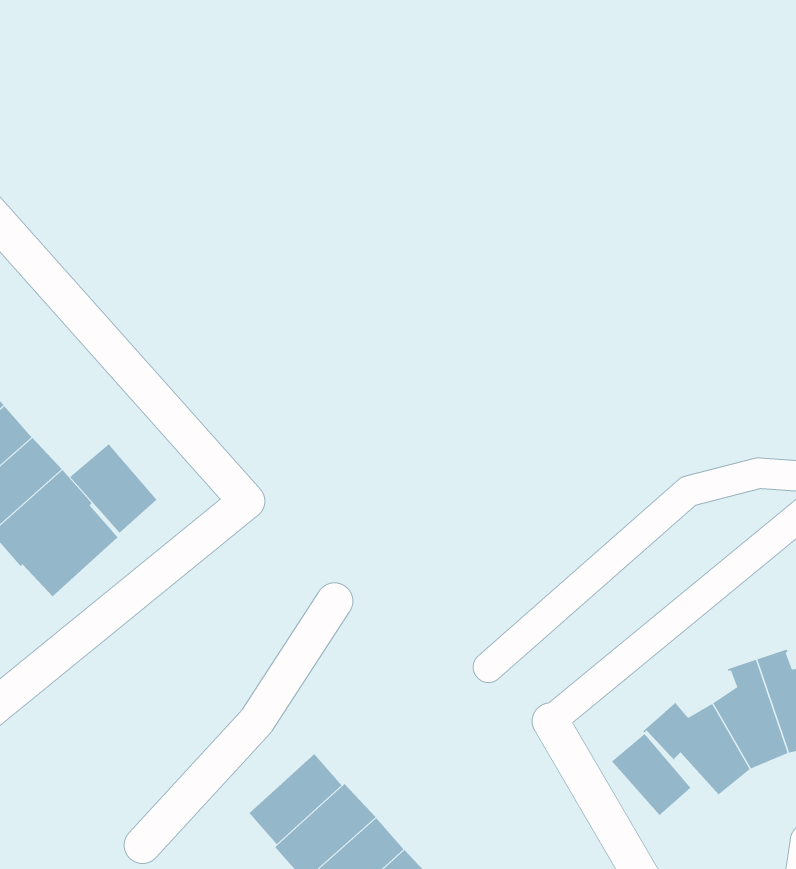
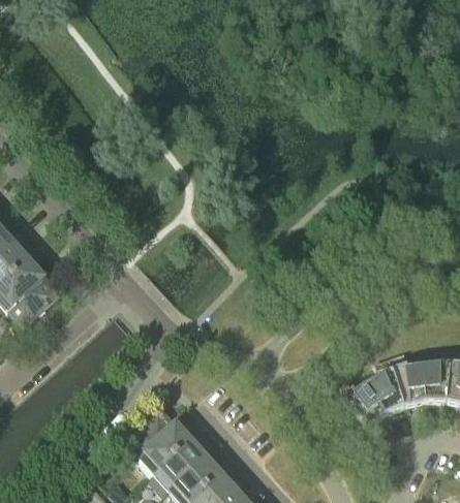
building: [69,443,157,533] -> none
building: [611,733,691,816] -> none

